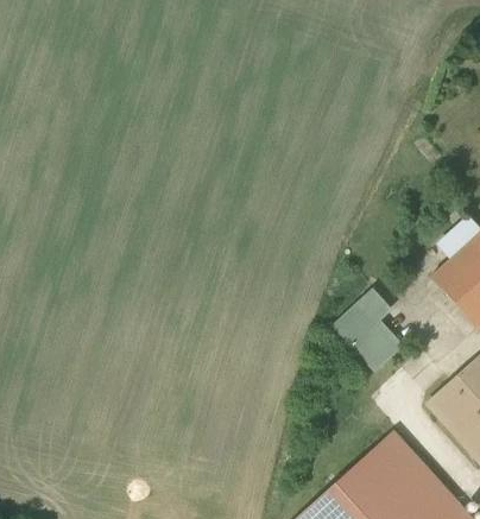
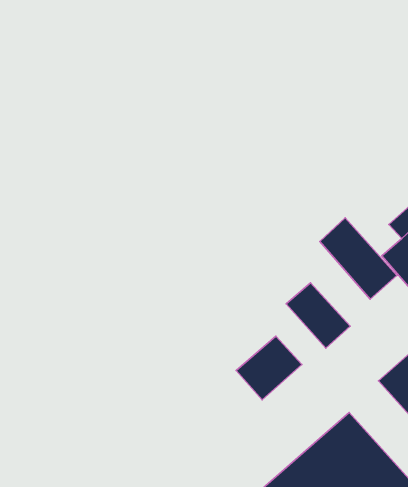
building: none -> [320,218,397,299]
building: none -> [236,336,302,400]

